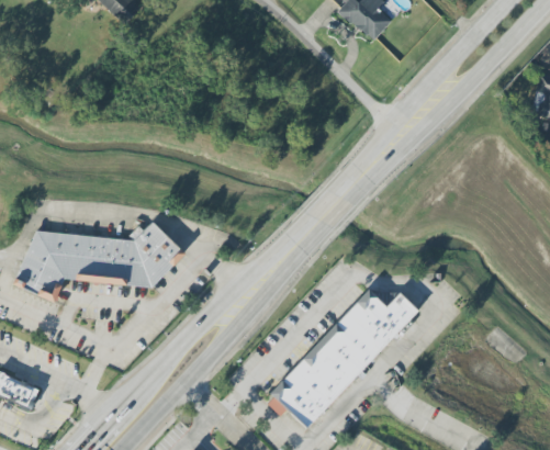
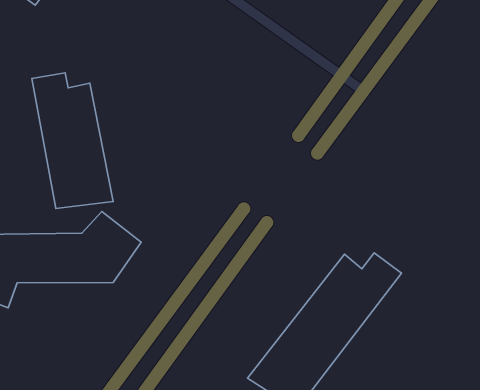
building: none -> [32,73,113,208]

